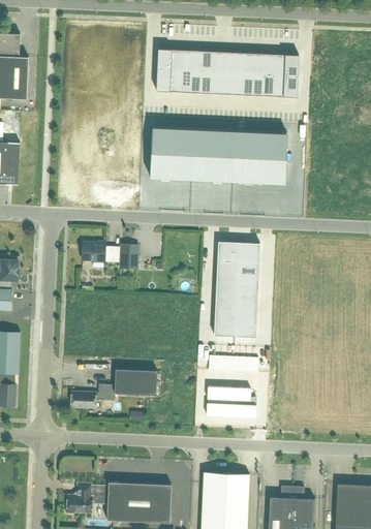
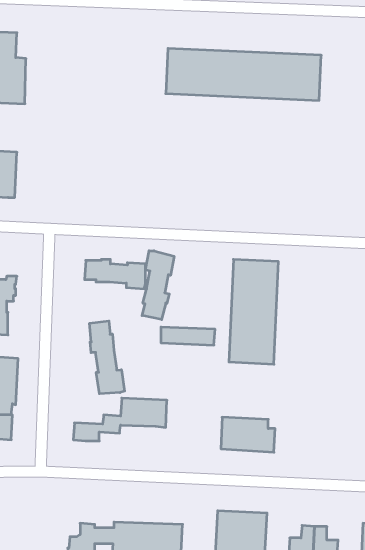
building: [150,128,286,184] -> none
building: none -> [142,251,174,320]
building: none -> [90,321,125,394]
building: [209,355,258,372] -> [161,327,215,345]

